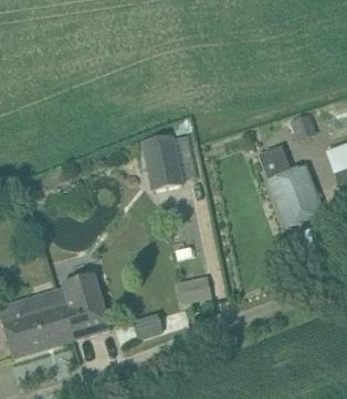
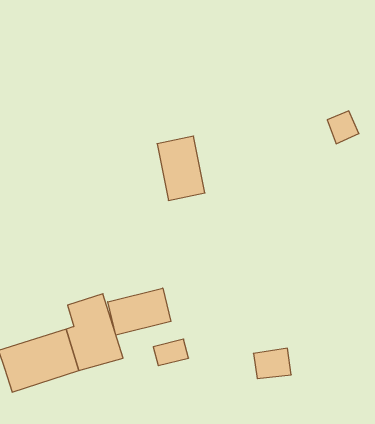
building: [256,142,322,225] -> none
building: none -> [108,288,171,335]
building: [179,272,212,299] -> [253,348,291,379]

